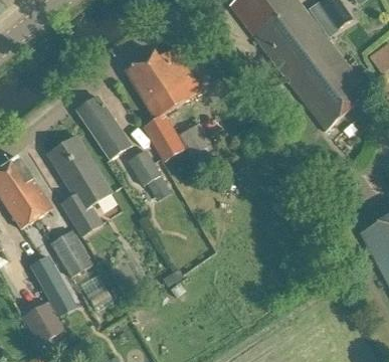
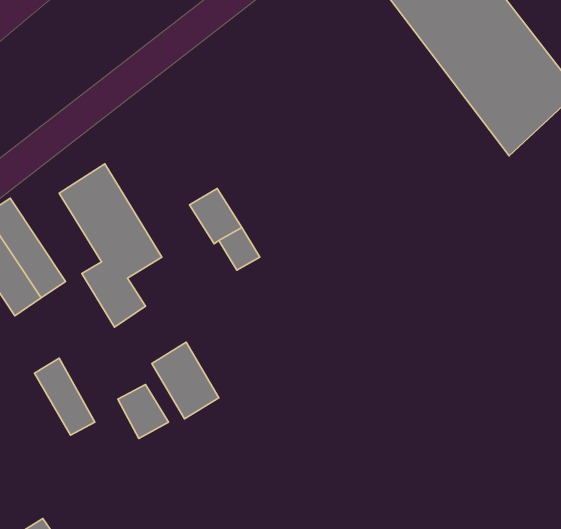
building: [124,46,209,160] -> none
building: [76,96,131,159] -> none
building: [50,229,91,277] -> [152,342,219,419]
building: [26,305,66,347] -> none

